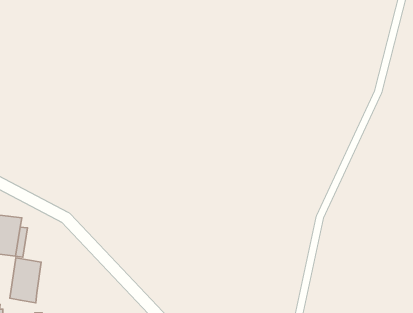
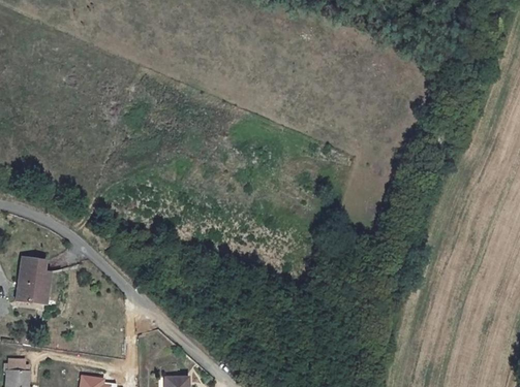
building: [10,258,41,303] -> none

